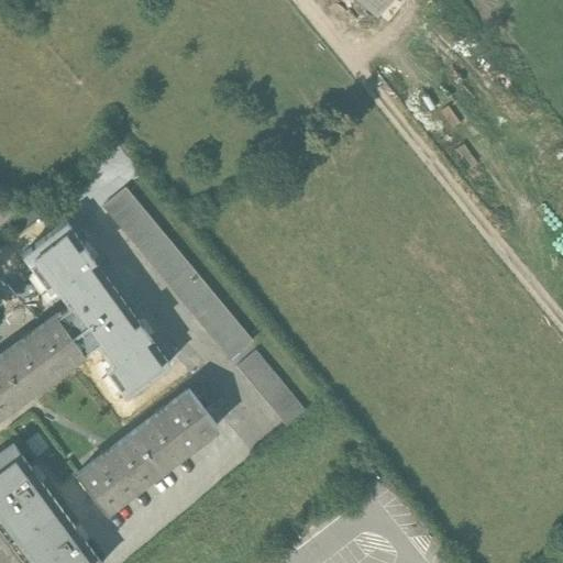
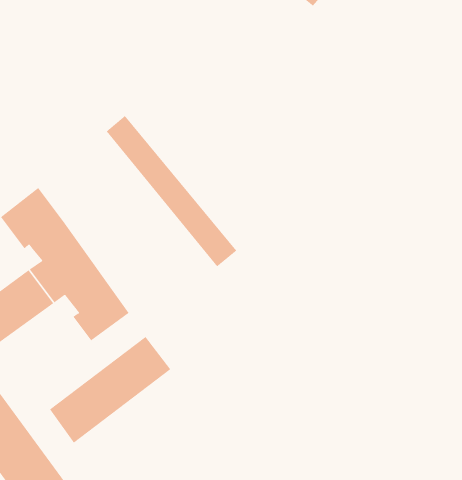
building: [103,189,253,362] -> [106,115,237,267]
building: [236,351,306,428] -> none

